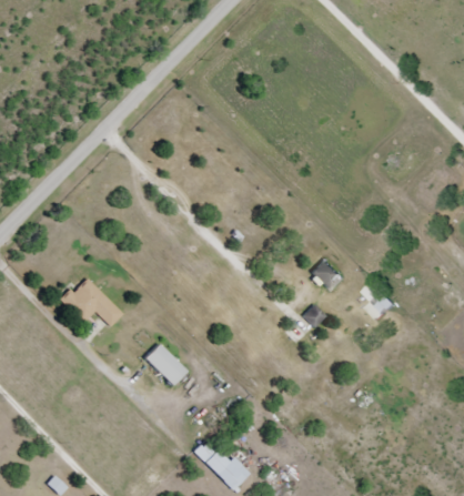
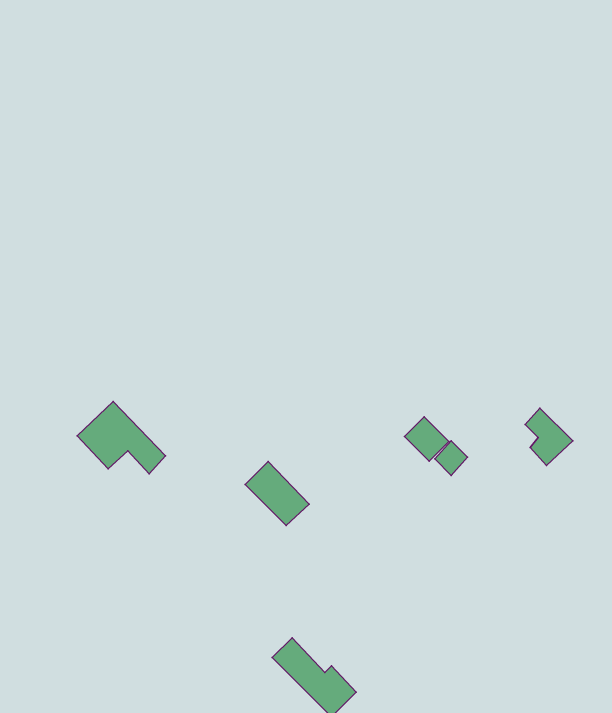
building: [312,259,342,289] -> [404,417,449,461]
building: [144,343,188,386] -> [245,461,309,525]

